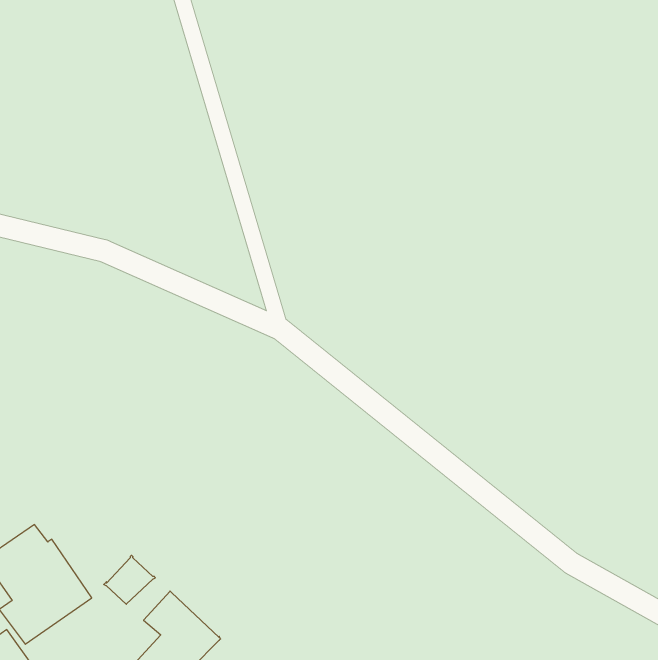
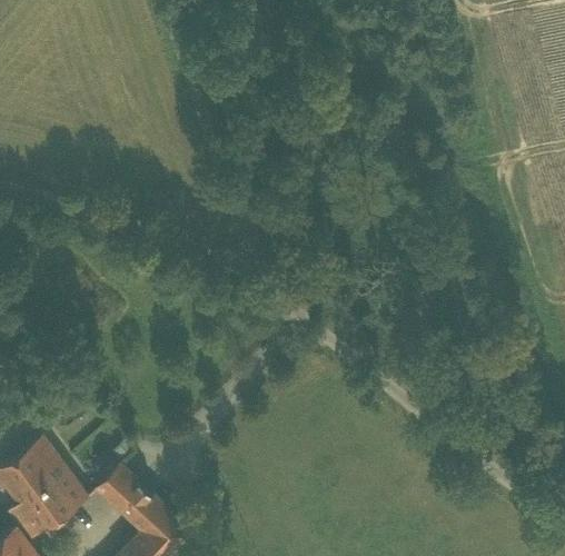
building: none -> [115,485,151,520]

